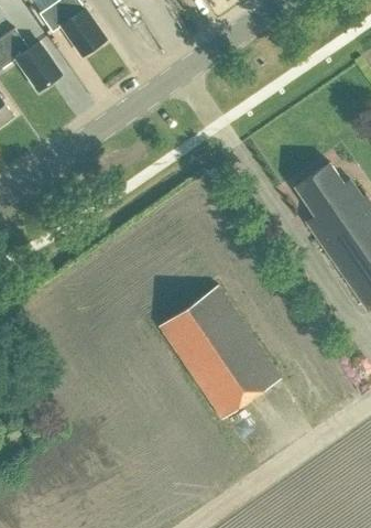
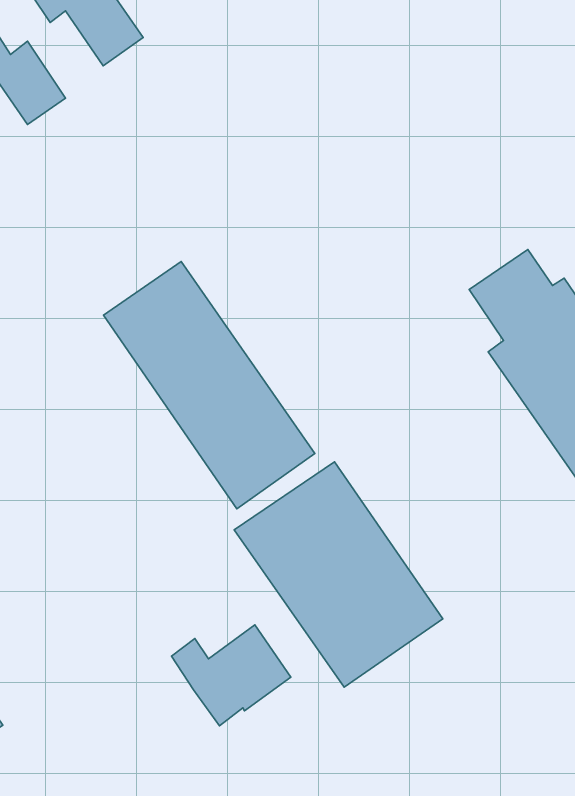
building: none -> [103,262,315,509]
building: none -> [171,625,291,726]

